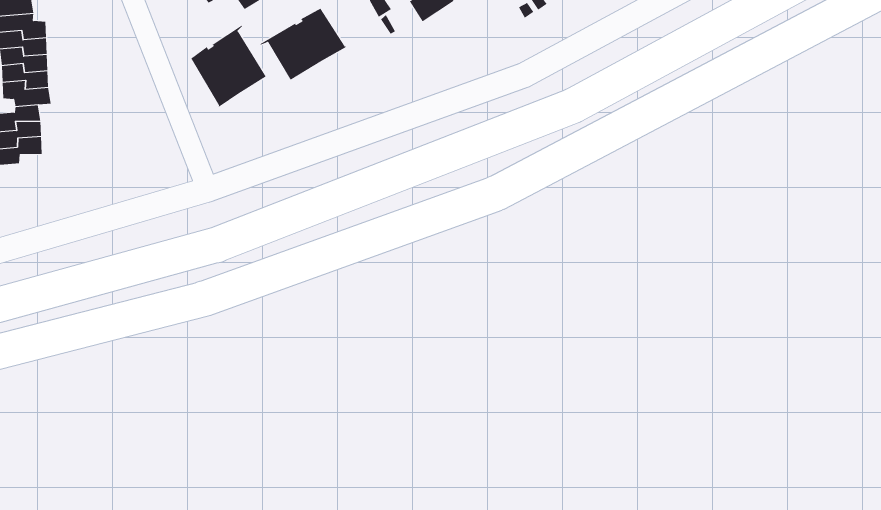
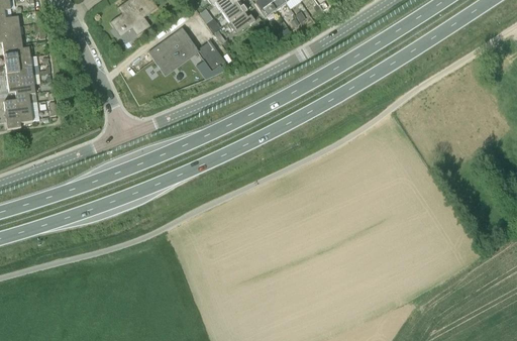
building: [190,25,267,107] -> none
building: none -> [196,39,224,71]

